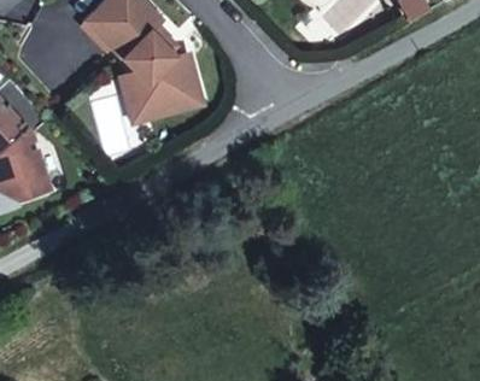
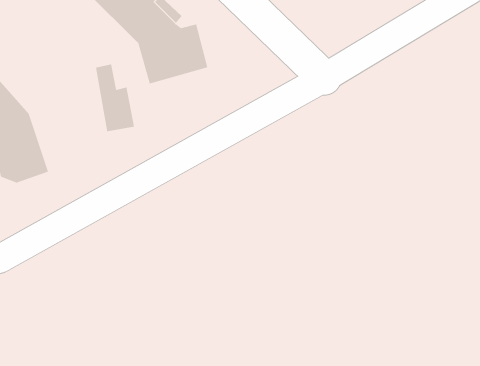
building: [121,71,206,124] -> none

